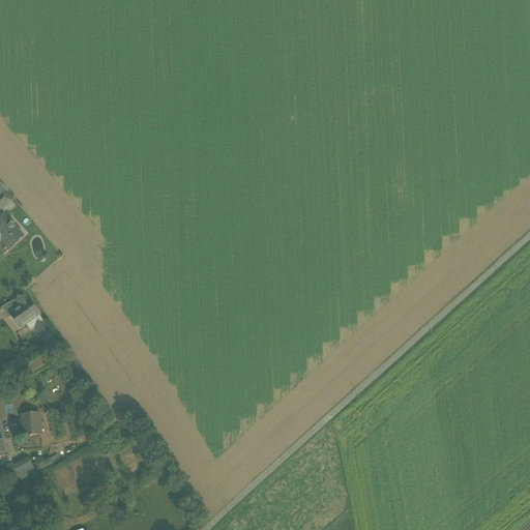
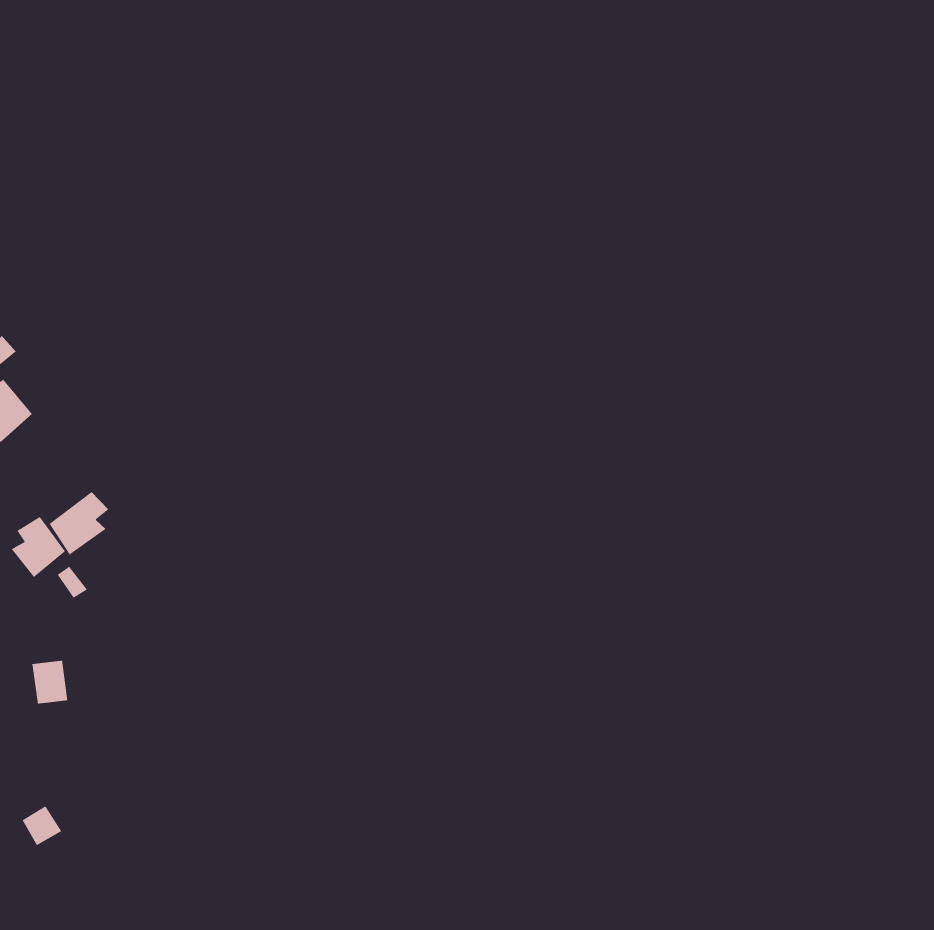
building: none -> [49,491,109,556]
building: [20,410,40,435] -> [32,660,68,704]

